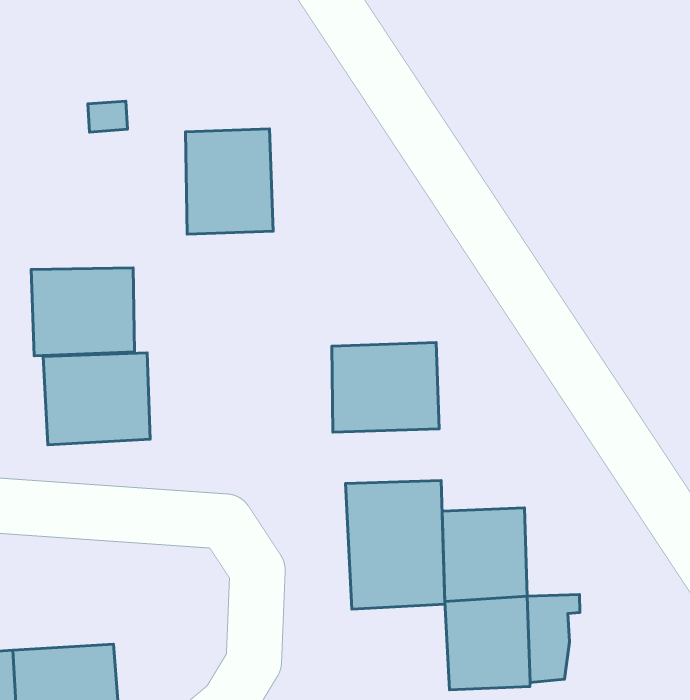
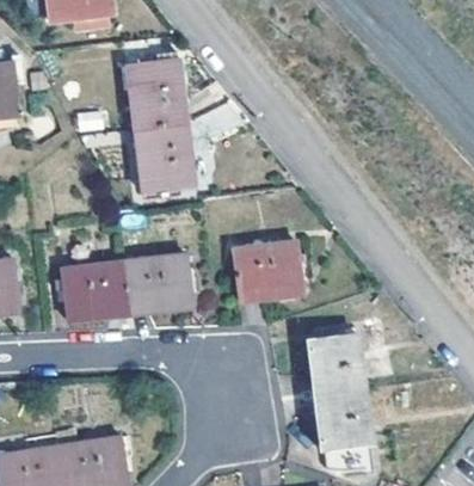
building: none -> [123,51,186,127]
building: [31,268,134,356] -> [124,254,190,312]
building: [346,481,445,609] -> none

